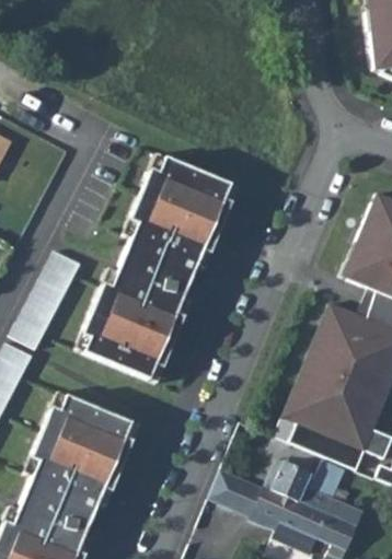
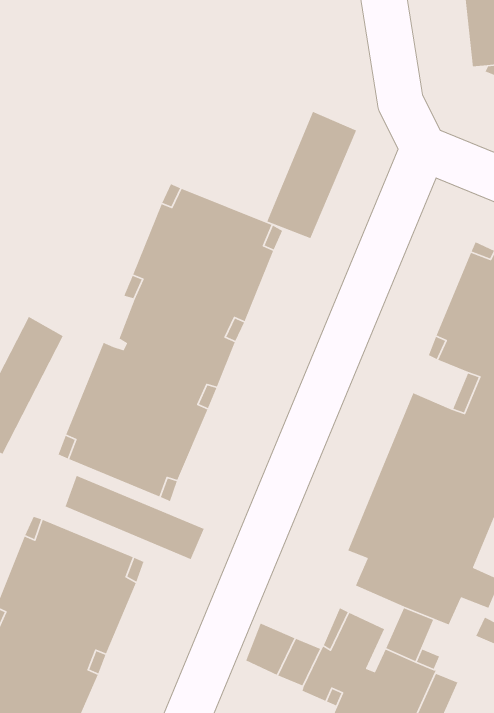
building: none -> [266,111,357,239]
building: none -> [64,475,205,560]

